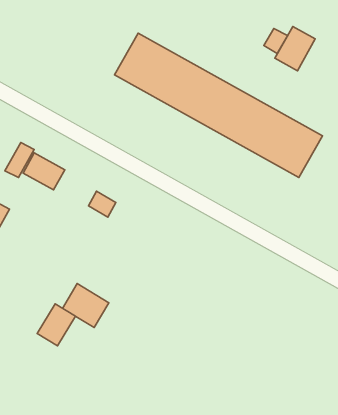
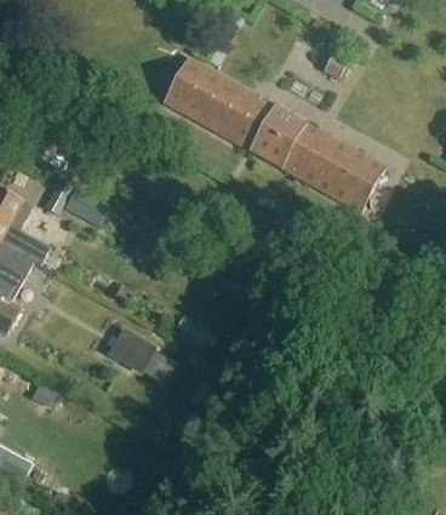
building: [275,26,315,71] -> none
building: [37,304,75,346] -> none

